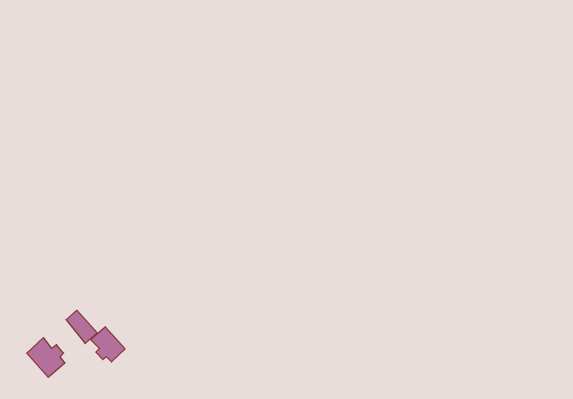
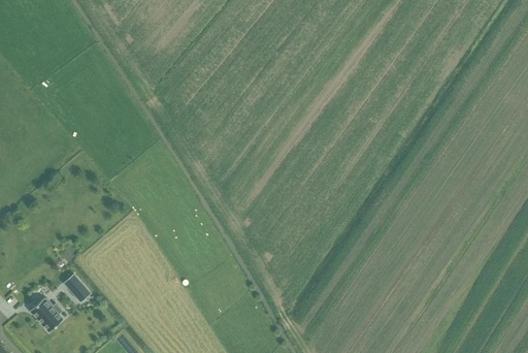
building: [90,327,125,362] -> none

